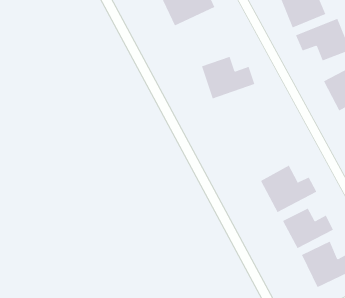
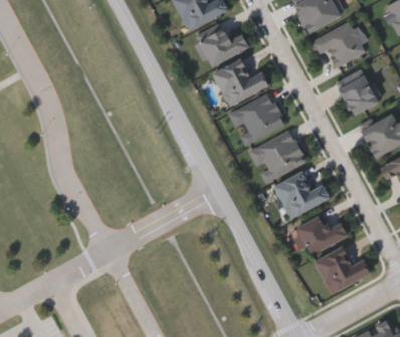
building: none -> [197,26,248,66]
building: none -> [229,93,285,146]
building: none -> [250,131,306,181]

